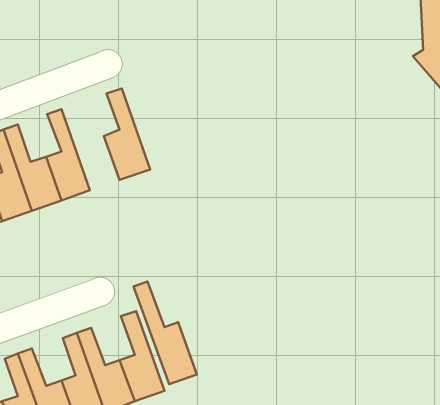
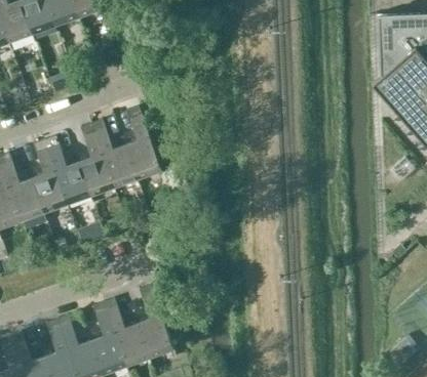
building: none -> [91,119,138,187]
building: [134,282,197,384] -> none

